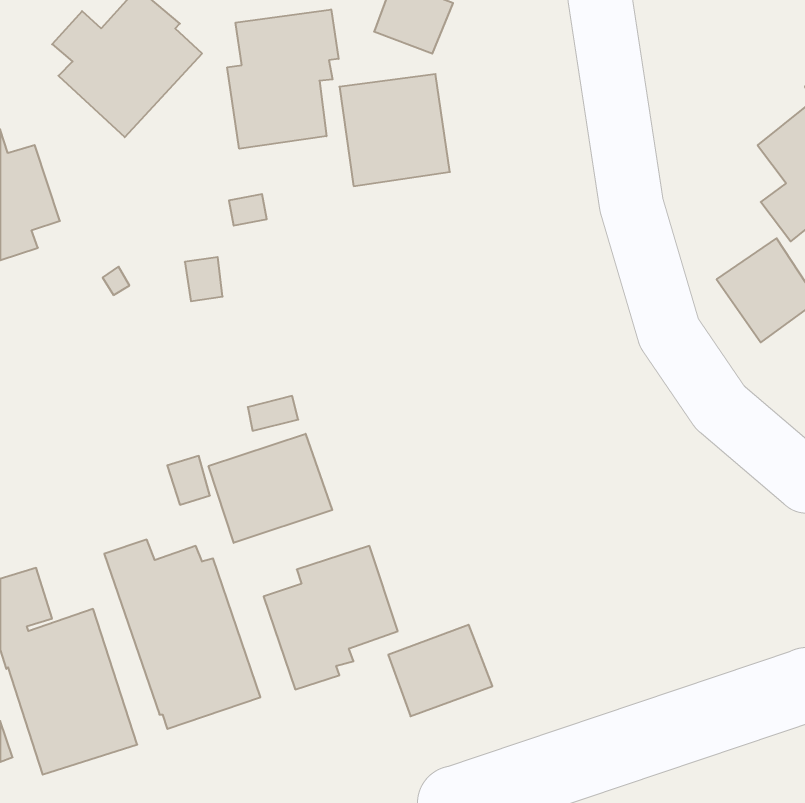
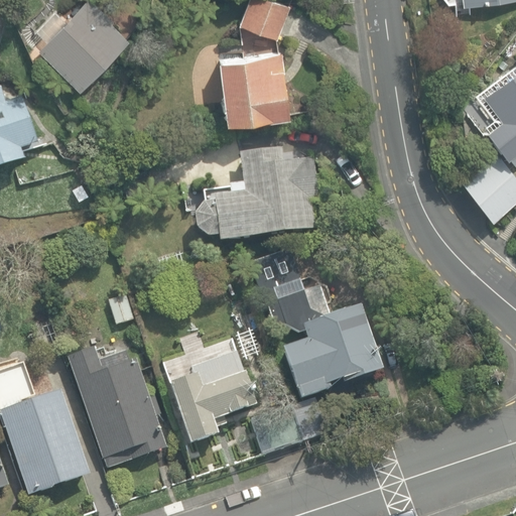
building: [227,9,339,149] -> none
building: none -> [194,146,317,241]
building: none -> [254,251,383,397]
building: [209,434,332,543] -> none

